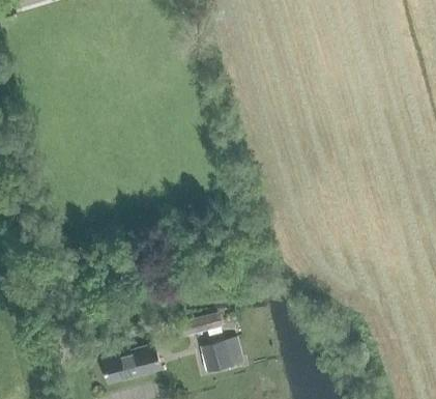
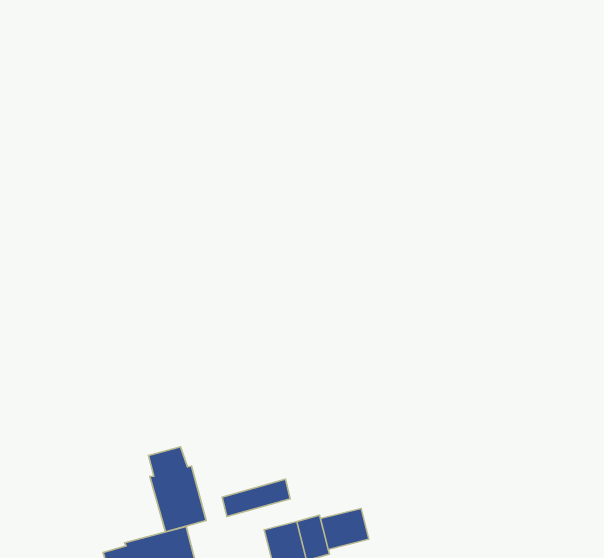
building: none -> [149,447,206,532]
building: none -> [320,508,369,549]

